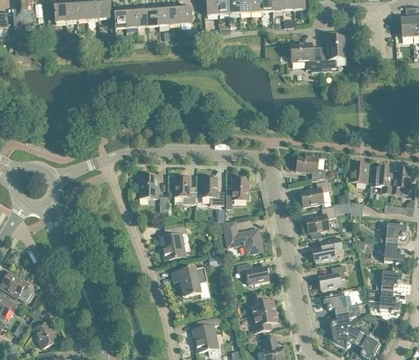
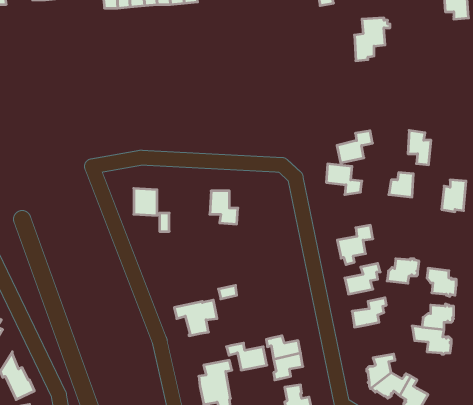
building: [290,42,321,71] -> none
building: [374,164,393,193] -> [408,130,431,165]
building: [174,175,196,203] -> none
building: [225,176,248,207] -> none
building: [300,178,330,205] -> [337,131,373,163]
building: [223,220,263,253] -> none
building: [380,222,406,242] -> [387,259,419,283]
building: [159,223,187,259] -> none
building: [236,261,269,283] -> [226,343,267,370]
building: [324,292,352,313] -> none

